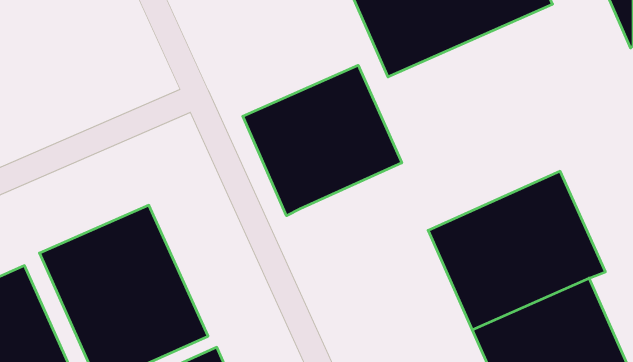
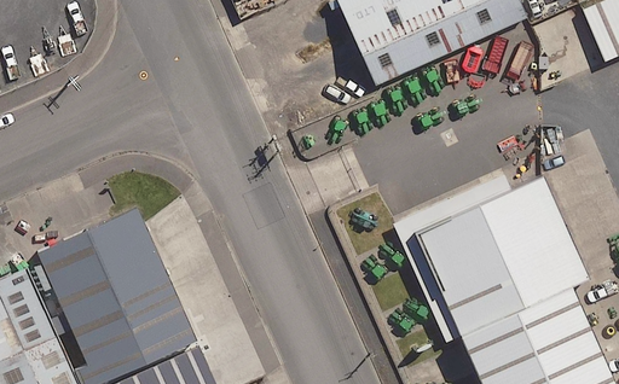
building: [243,65,402,216] -> none

